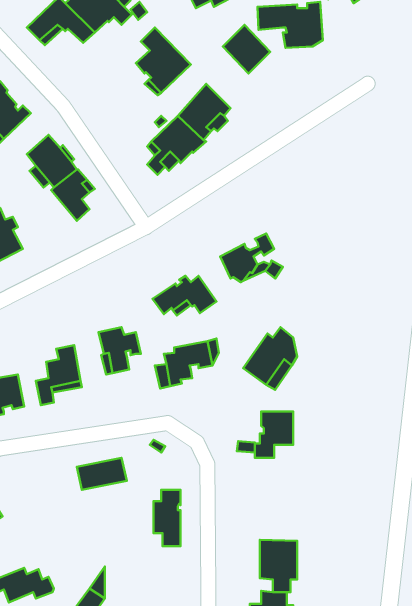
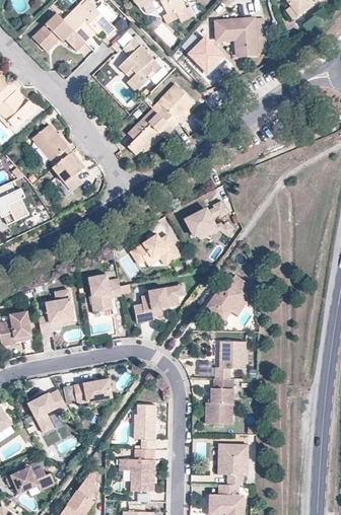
building: none -> [203,378,230,423]
building: none -> [26,389,65,433]
building: none -> [117,448,153,490]

